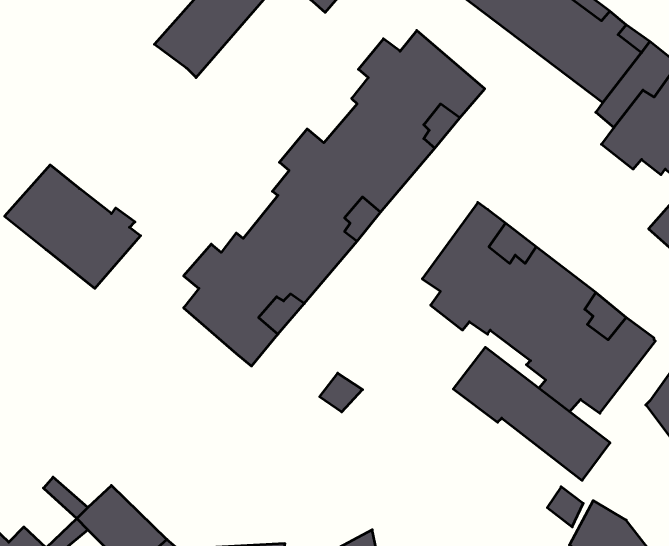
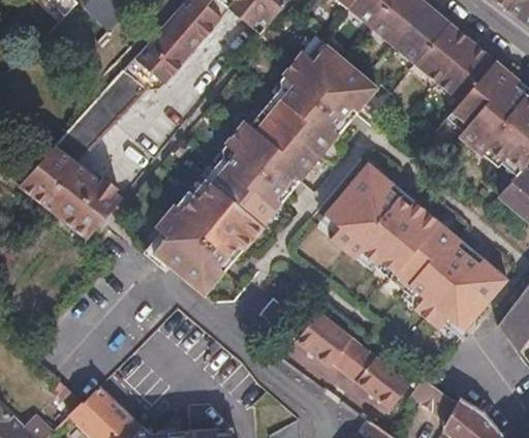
building: none -> [54,58,155,165]
building: [453,347,610,480] -> [293,310,410,409]

